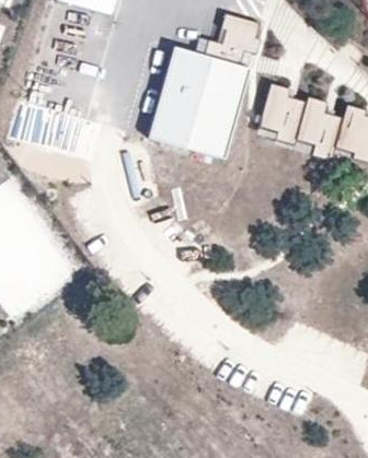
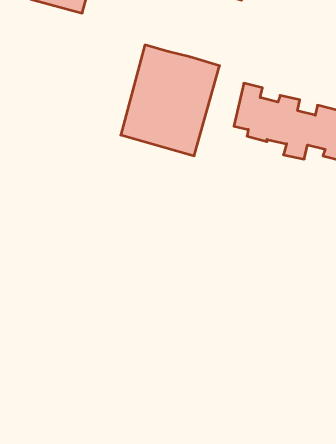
building: [196,13,258,66] -> none

